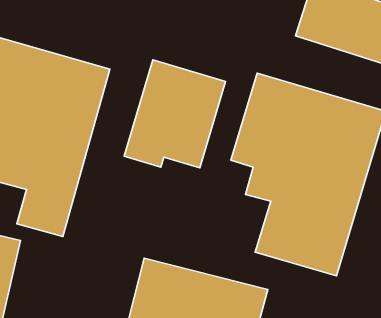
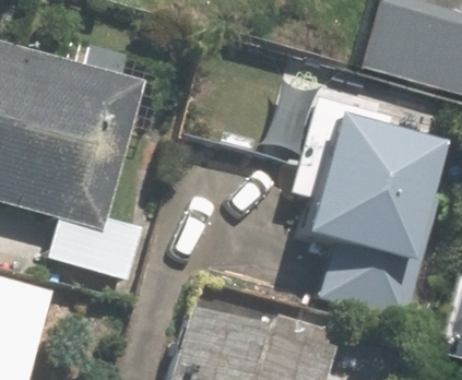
building: [124,60,225,168] -> none

